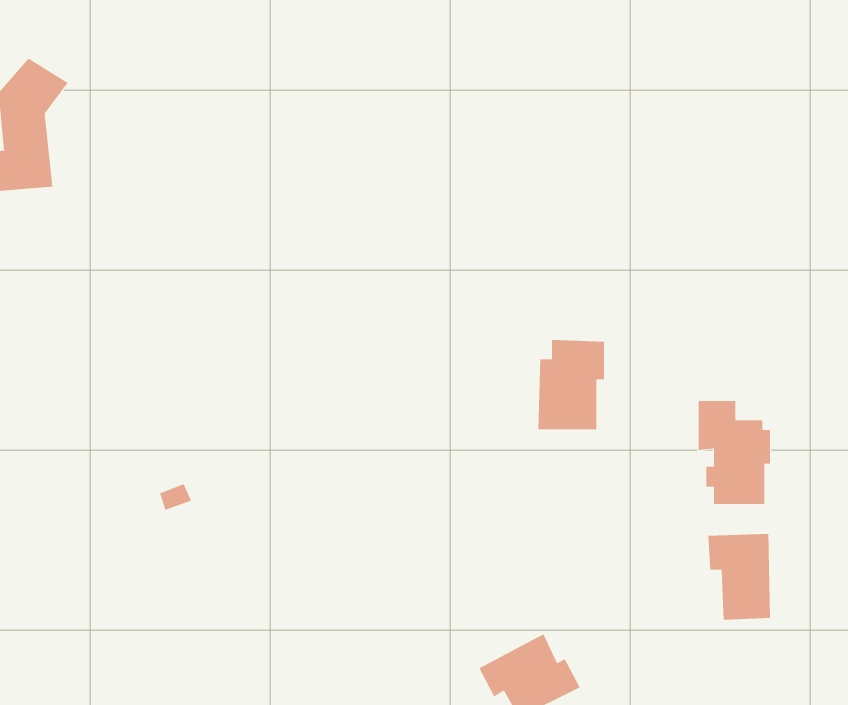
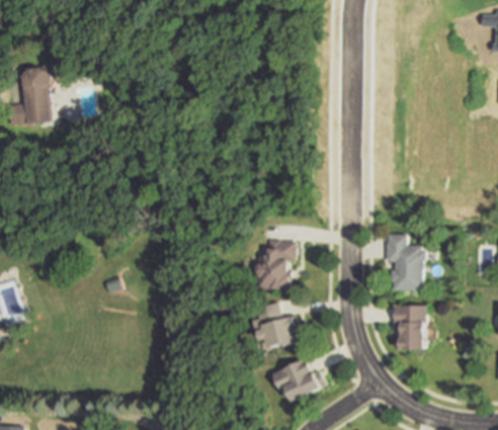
building: [538,339,605,430] -> [258,241,294,288]
building: none -> [251,303,302,350]

